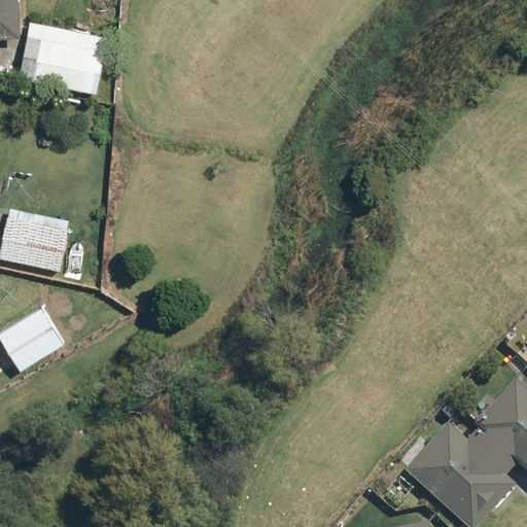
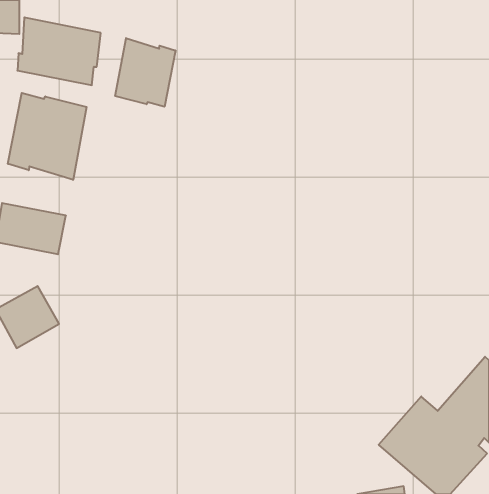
building: none -> [115,38,175,107]
building: none -> [8,93,87,180]

